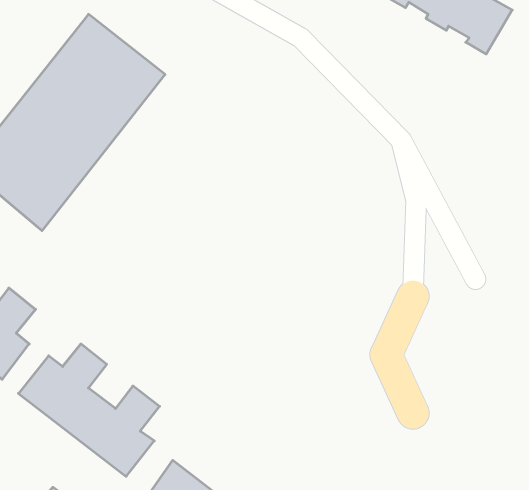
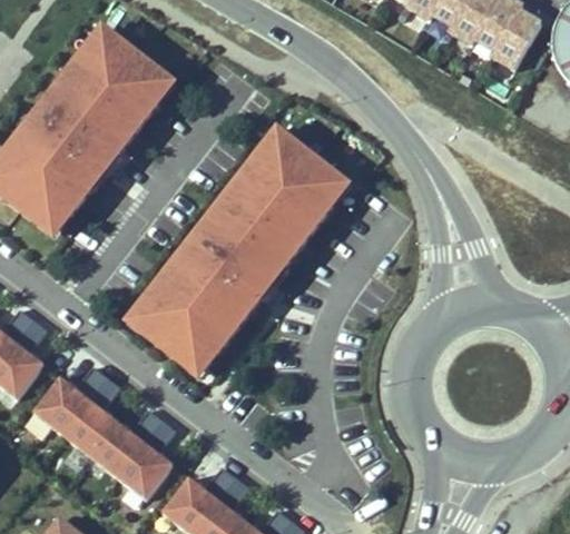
building: none -> [130,129,347,380]

